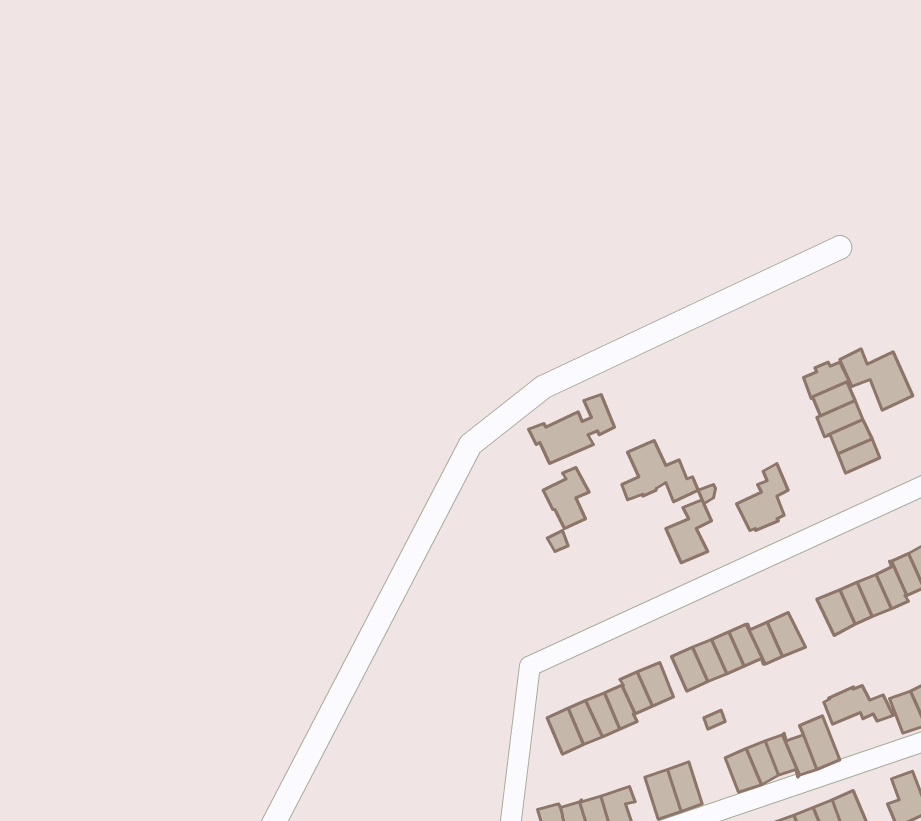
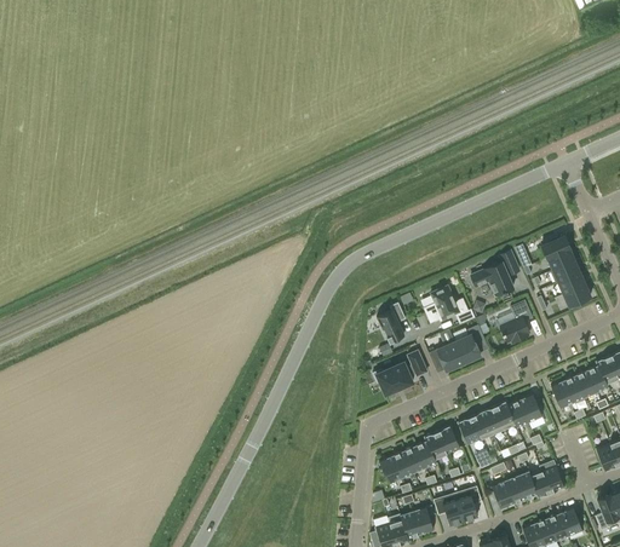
building: [840,349,913,410] -> none
building: none -> [471,251,519,295]
building: [528,395,615,463] -> [373,351,427,395]
building: none -> [429,341,465,372]
building: [824,686,893,724] -> none

